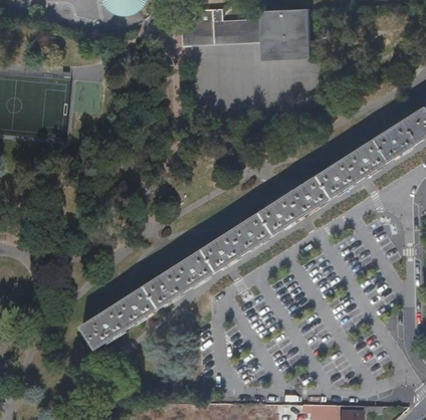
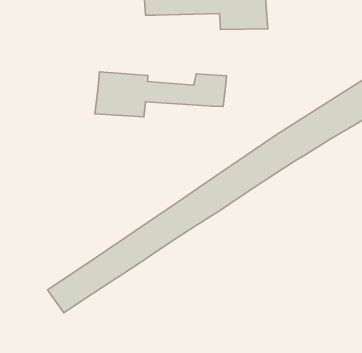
building: none -> [95,72,226,117]

